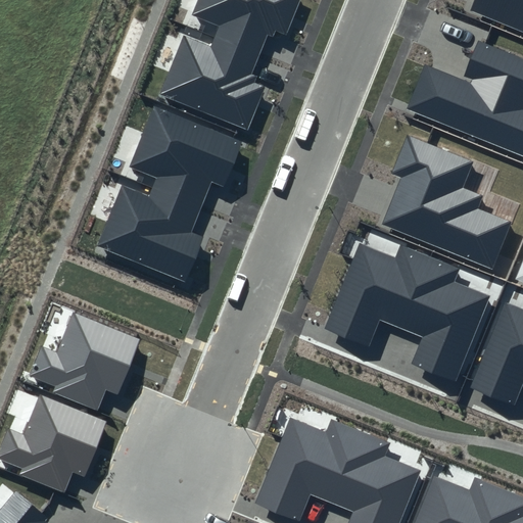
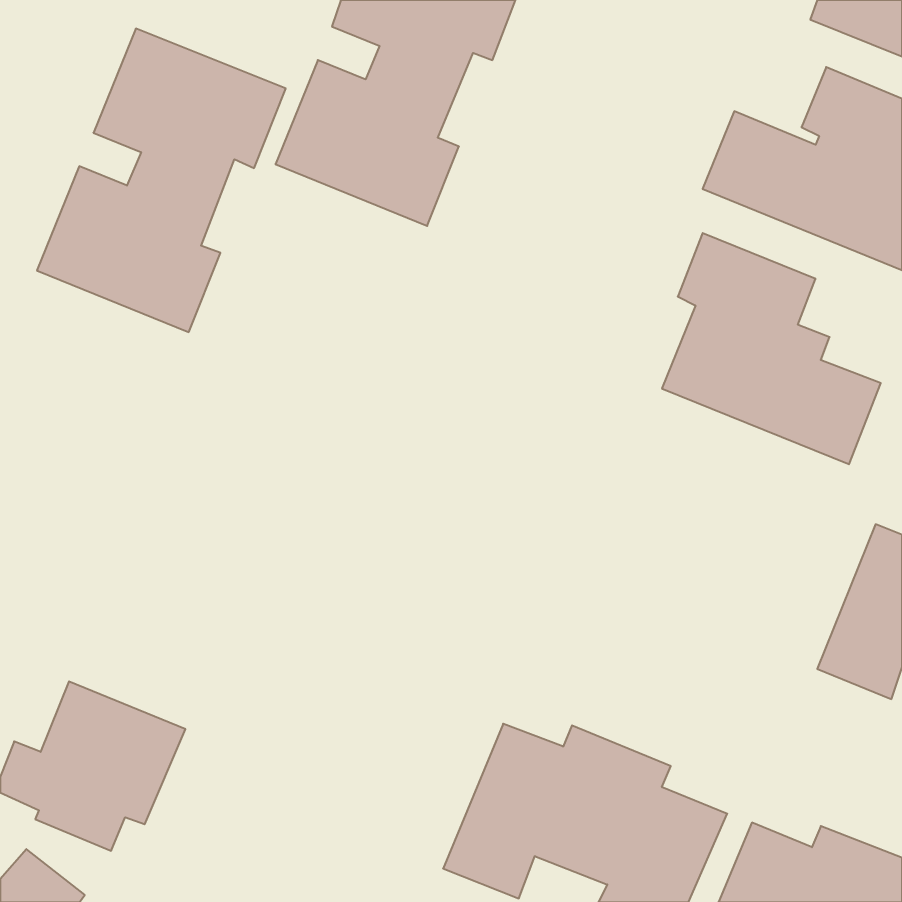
building: [97,106,241,282] -> [37,29,286,332]
building: [327,244,491,381] -> none
building: [30,313,140,411] -> none

